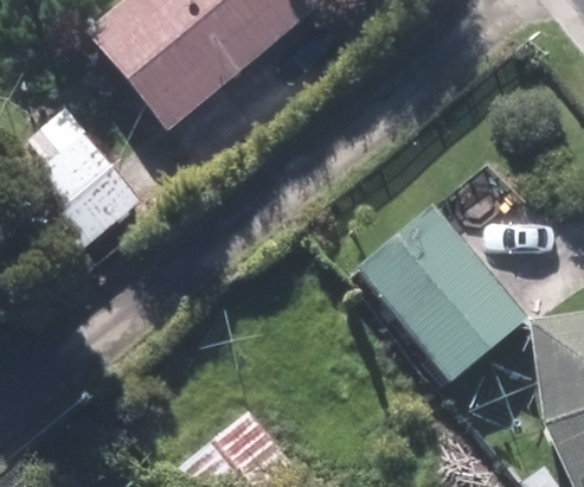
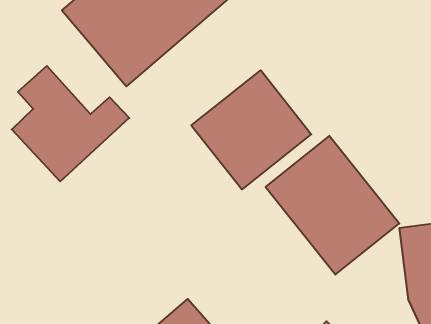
building: none -> [191,70,311,189]

